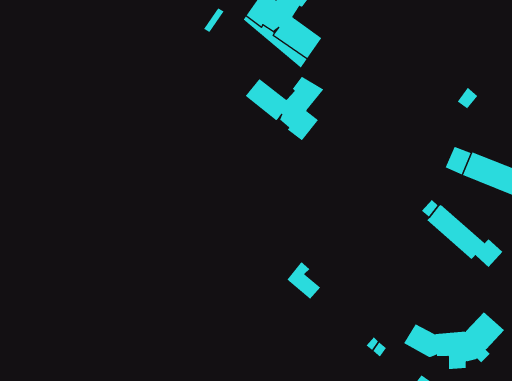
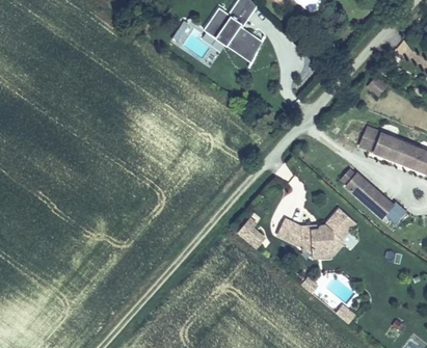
building: [245,76,324,141] -> none
building: [403,312,505,370] -> [275,210,355,256]

